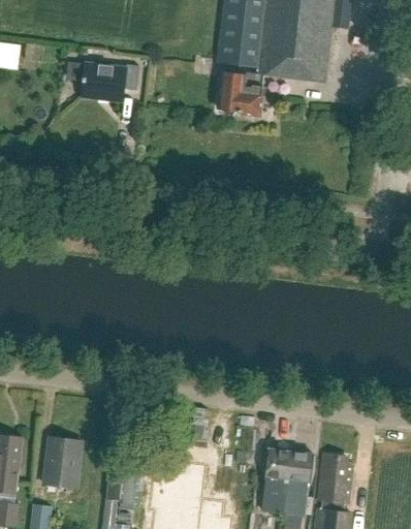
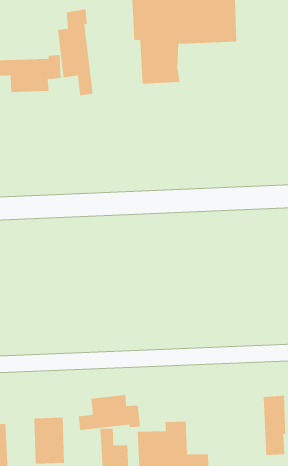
building: none -> [57,9,93,96]
building: none -> [78,394,141,431]
building: [263,449,290,514] -> none

